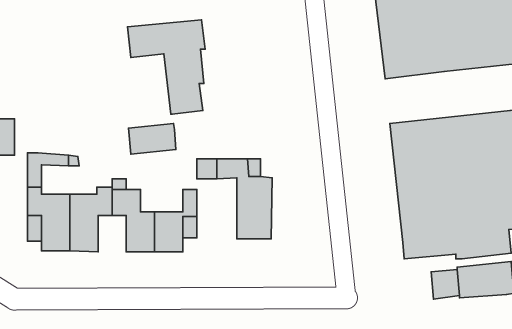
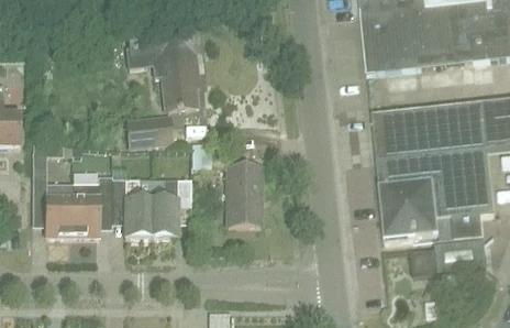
building: none -> [137,177,177,198]
building: none -> [98,201,124,229]

